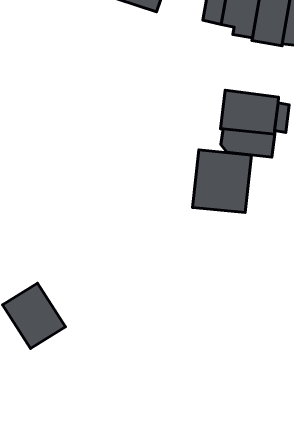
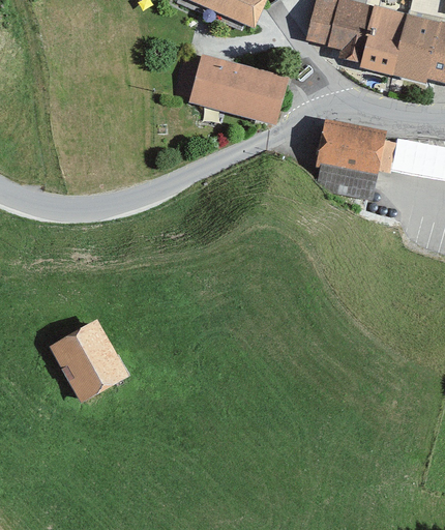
building: none -> [189,54,291,121]
building: [192,150,252,213] -> none

